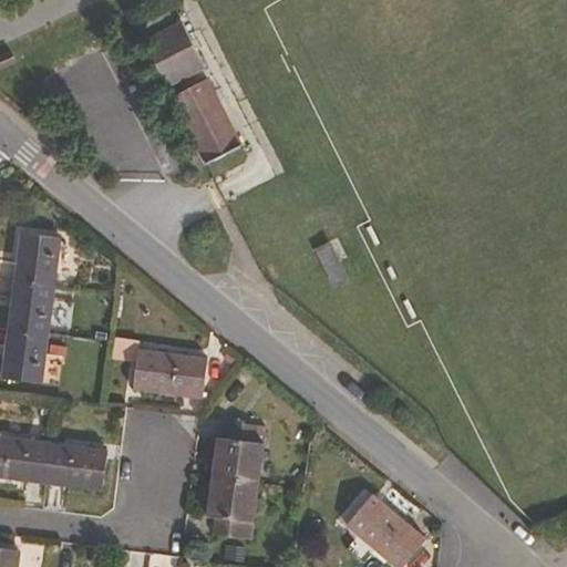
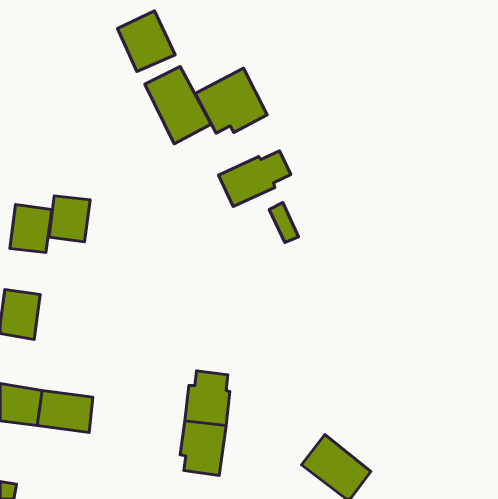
building: none -> [195,68,267,133]
building: none -> [218,151,291,206]
building: [8,281,54,333] -> [49,196,90,242]
building: [131,350,206,400] -> none

